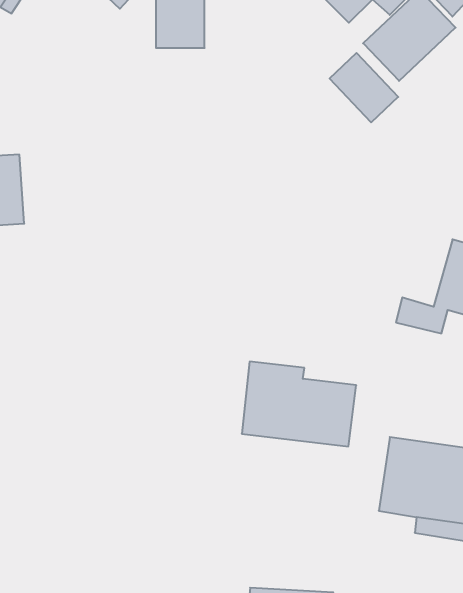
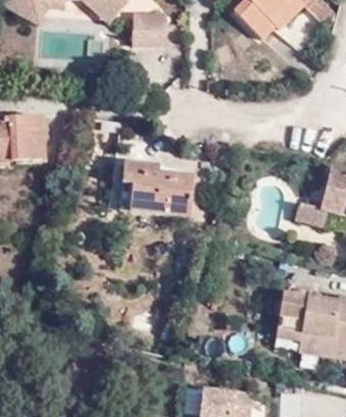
building: [330,53,398,122] -> none
building: [242,362,356,446] -> [120,160,195,215]

